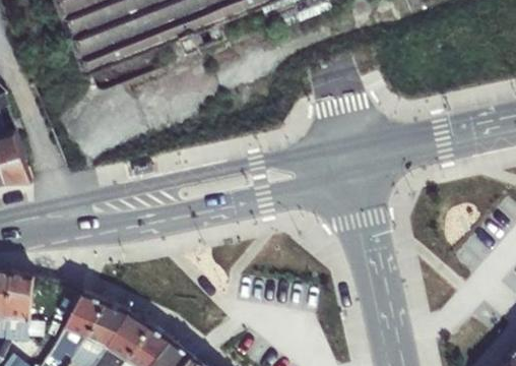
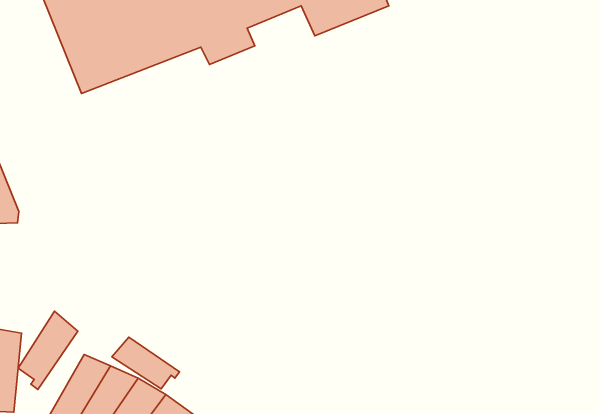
building: none -> [18,311,78,390]
building: none -> [112,337,180,389]

